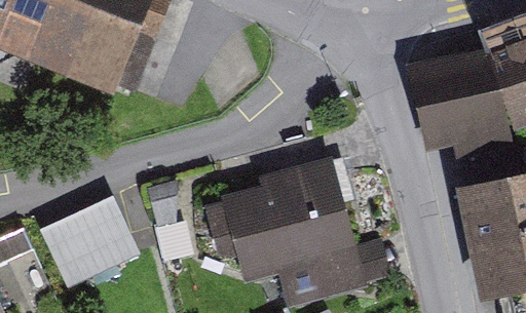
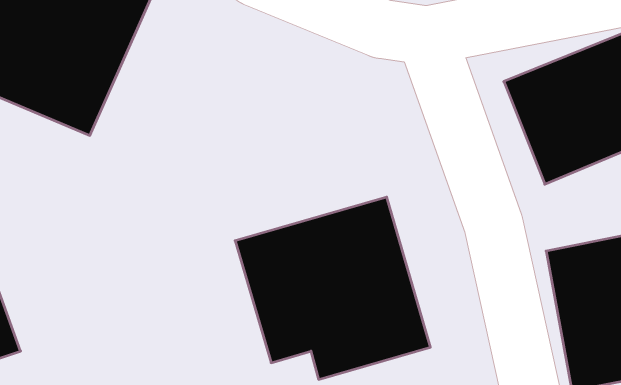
building: [43,191,143,284] -> none

